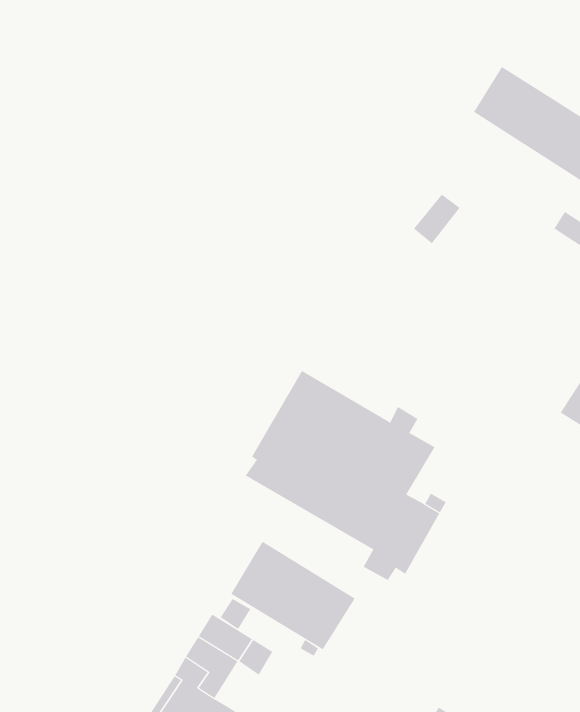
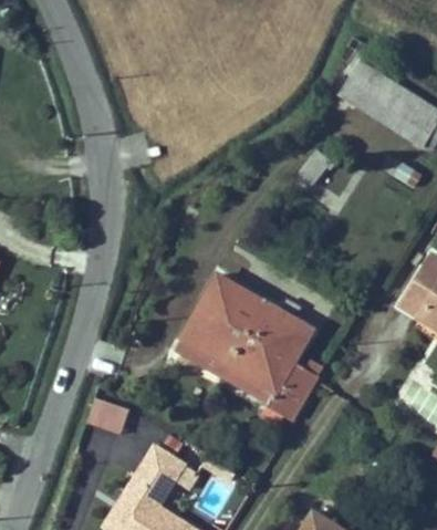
building: [230,541,355,650] -> none
building: none -> [84,397,128,435]

